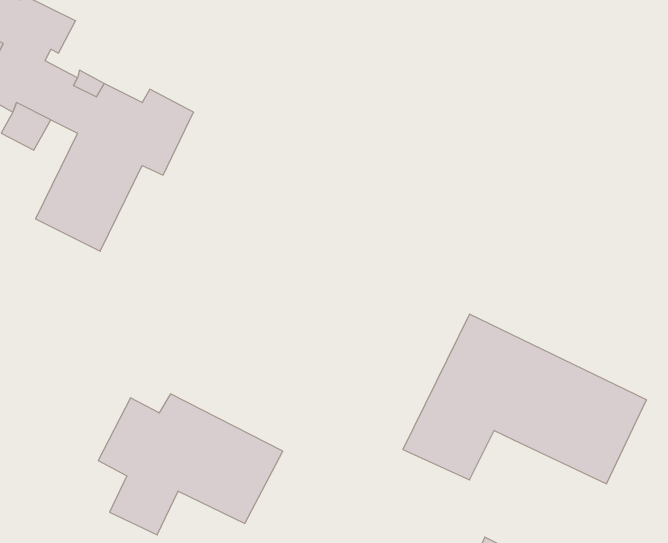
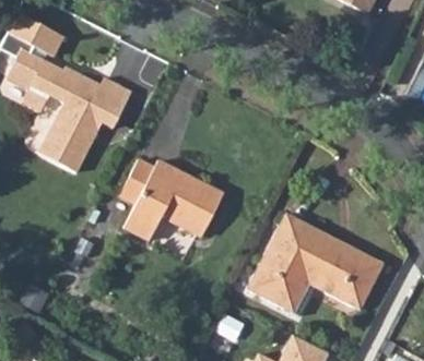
building: [98,394,283,535] -> [114,161,220,242]

